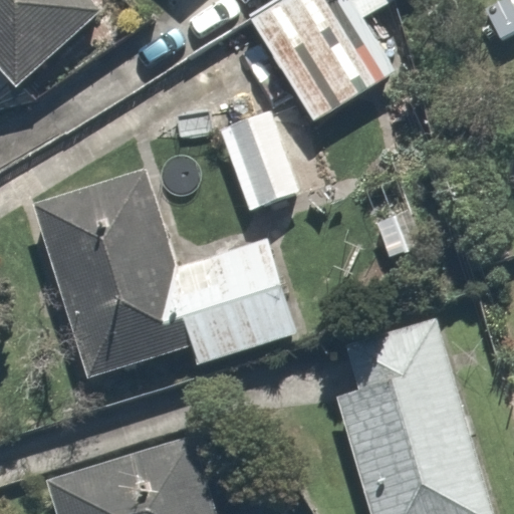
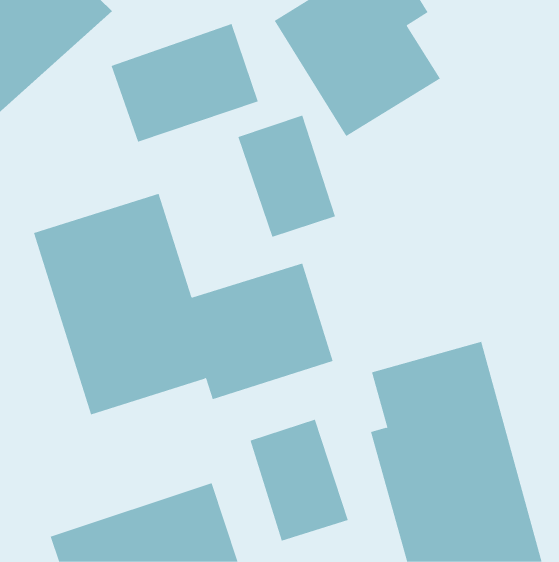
building: none -> [111,23,259,143]
building: none -> [250,419,348,542]

